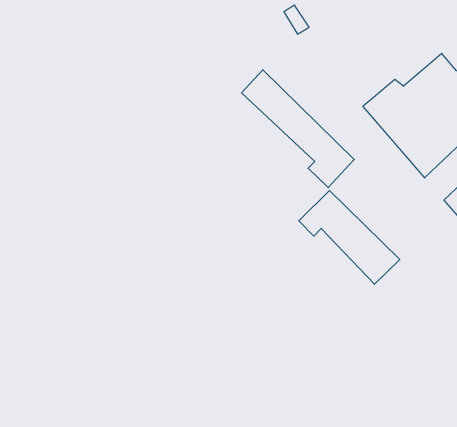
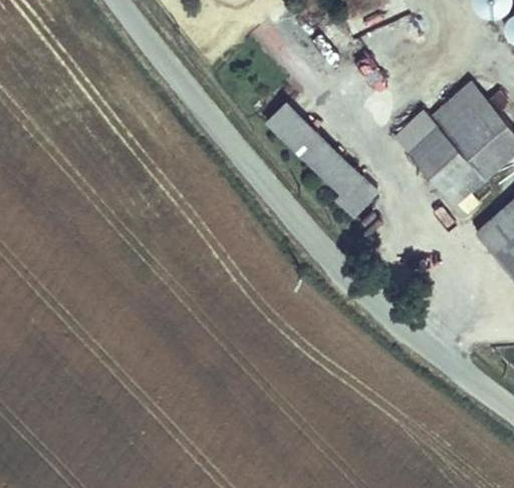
building: [299,191,400,284] -> none

